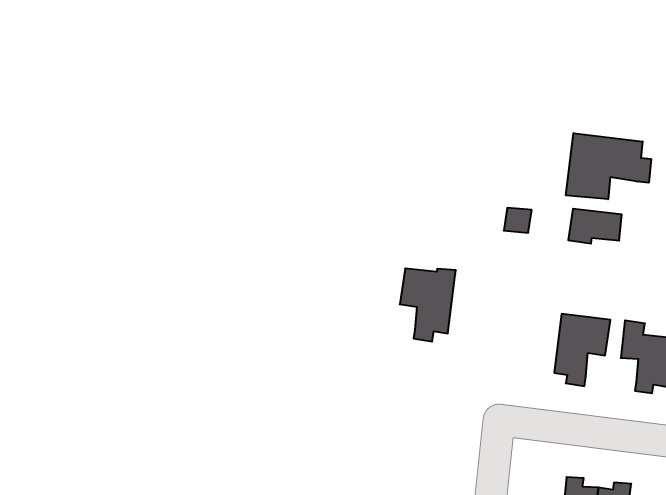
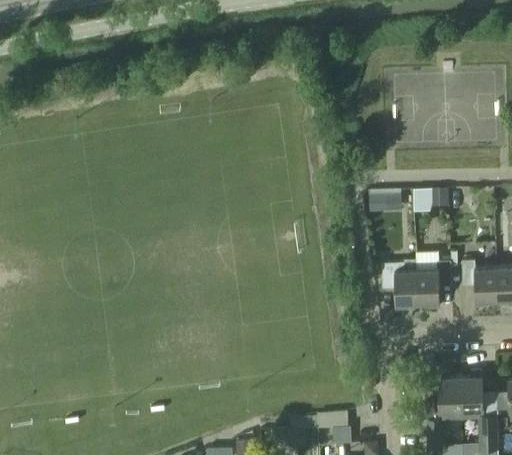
building: [566,133,651,199] -> none
building: [400,269,456,341] -> [382,259,418,310]

